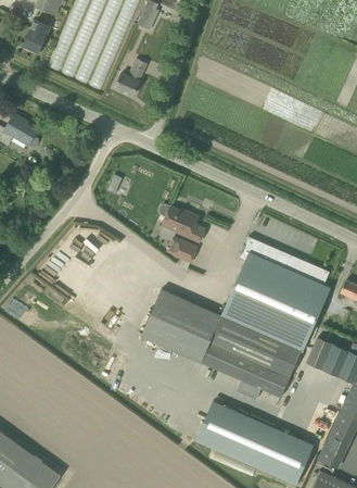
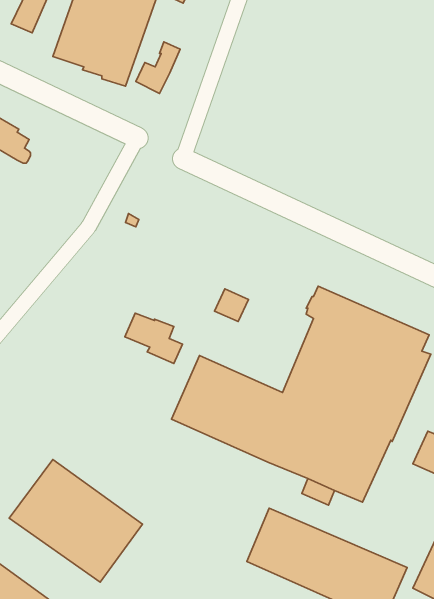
building: [162,205,204,242] -> [125,313,183,364]
building: none -> [9,460,142,582]

